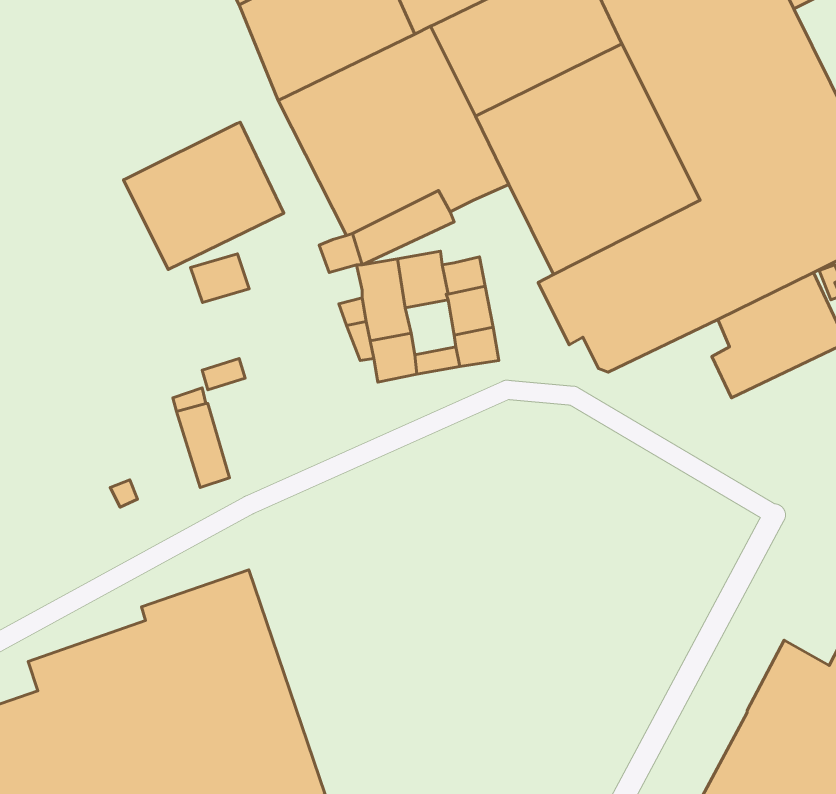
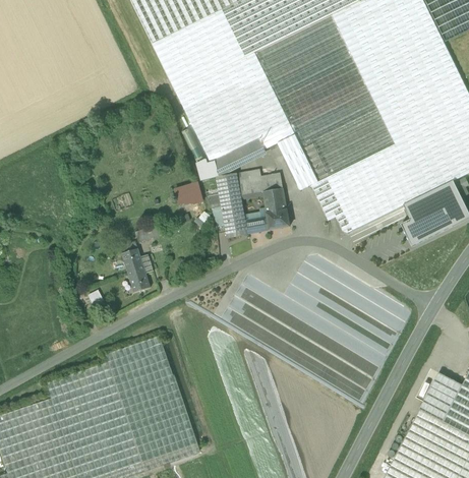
building: [123,122,284,270] -> none
building: none -> [277,135,318,191]
building: [191,254,249,303] -> [172,181,202,206]

